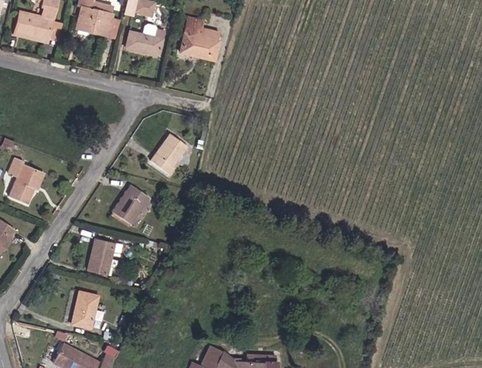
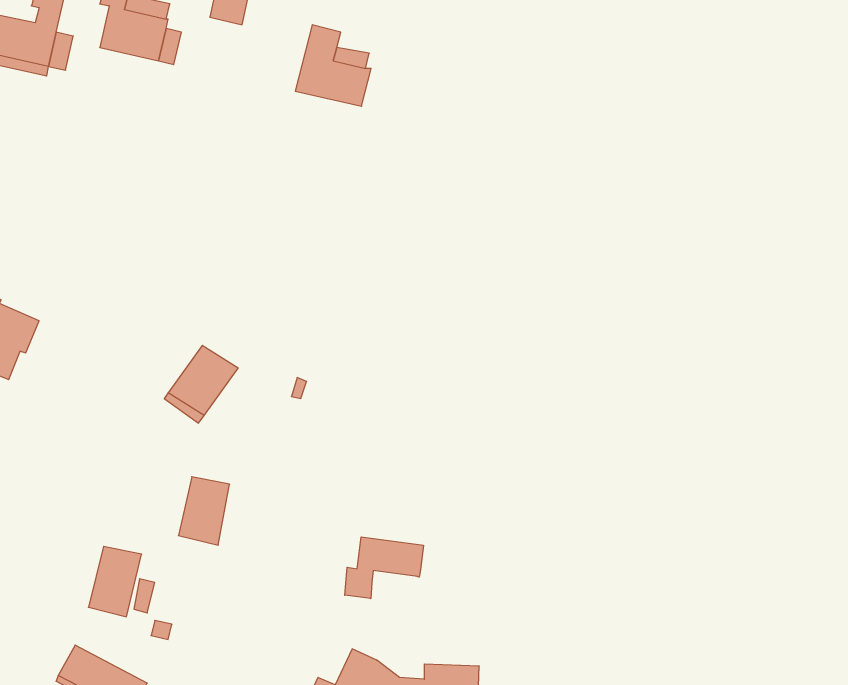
building: [126,29,166,56] -> none
building: [151,134,188,175] -> none
building: [88,239,115,275] -> [178,477,230,545]
building: none -> [345,537,423,599]

